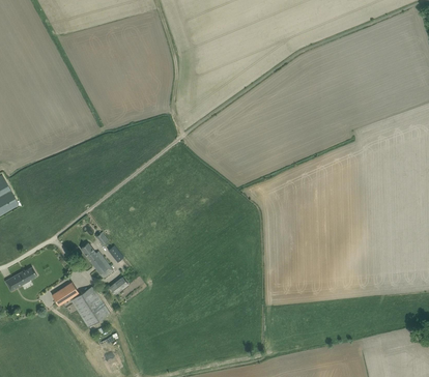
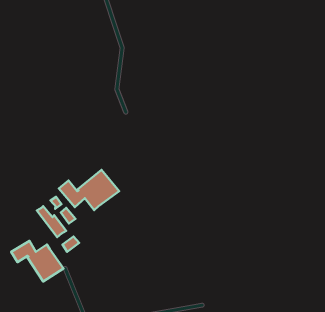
building: none -> [59,170,119,210]

